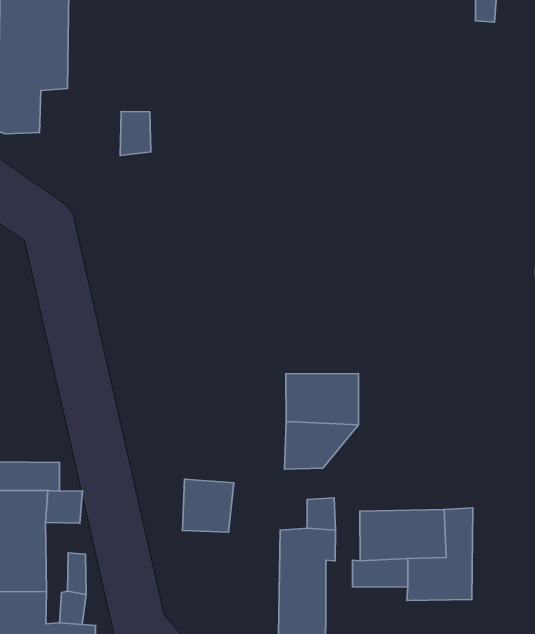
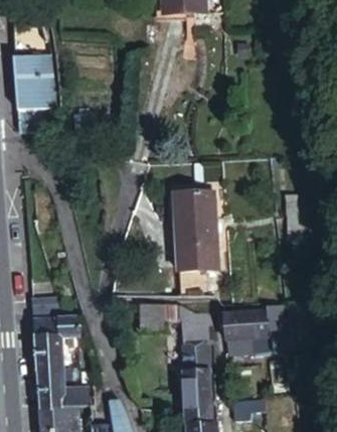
building: none -> [176,188,217,245]

